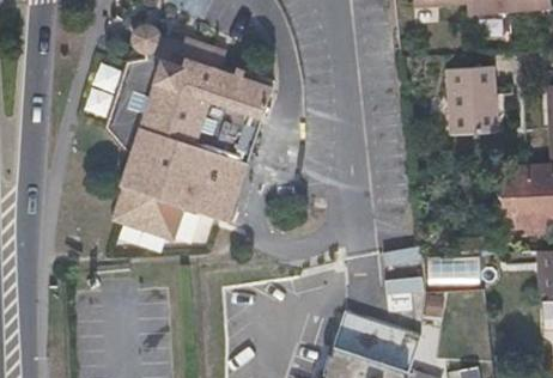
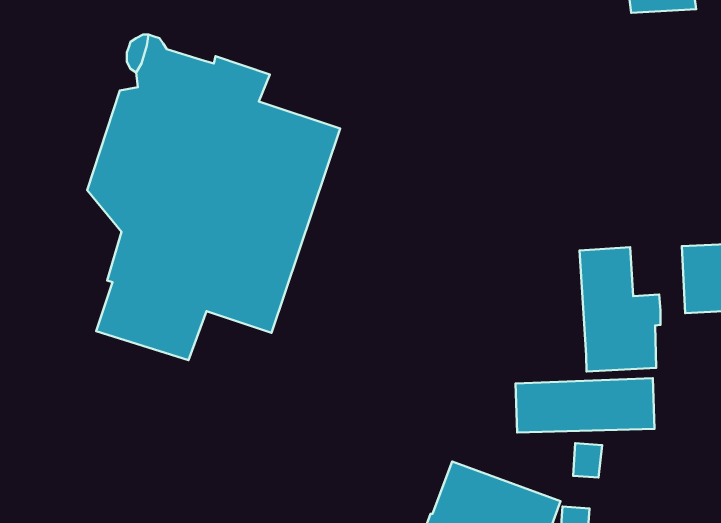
building: [448,67,493,122] -> none
building: none -> [579,247,661,372]

